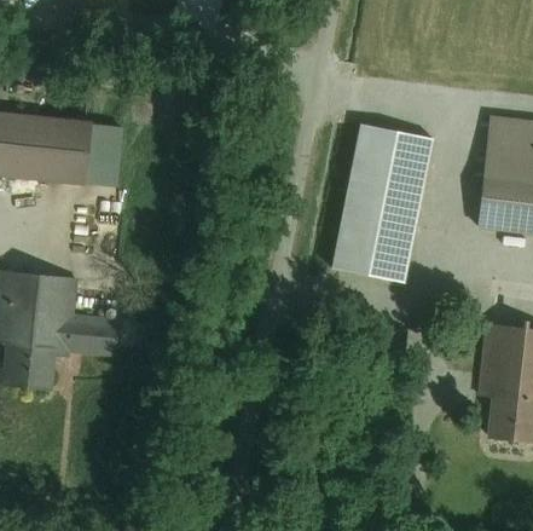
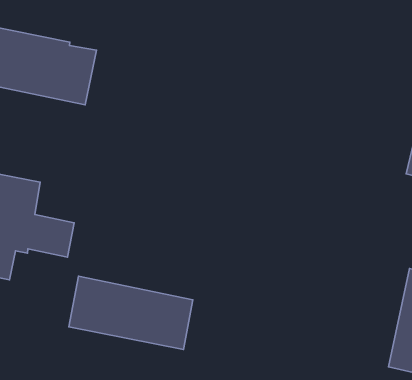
building: [334,127,424,267] -> none
building: none -> [69,276,193,350]

